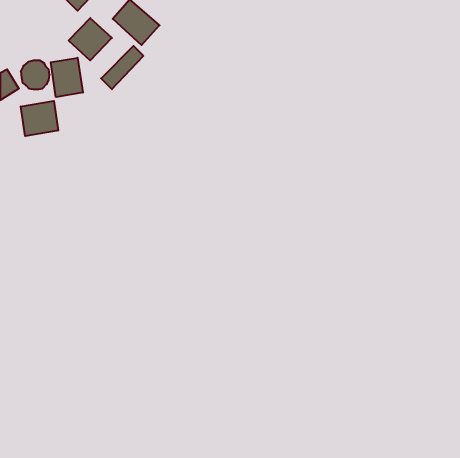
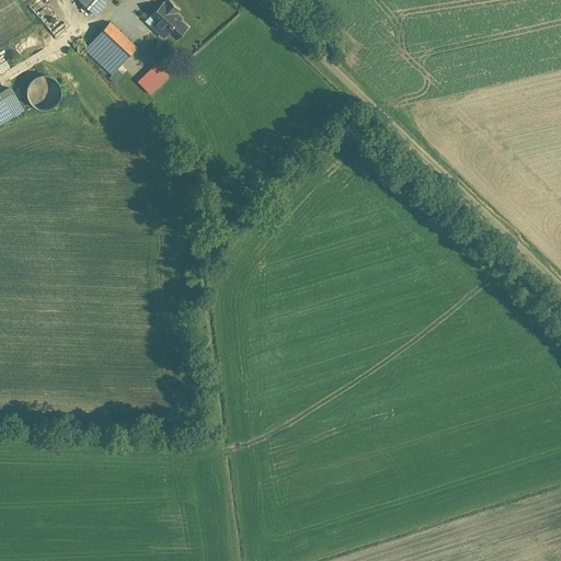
building: [51,58,83,97] -> none
building: [21,101,58,136] -> none

